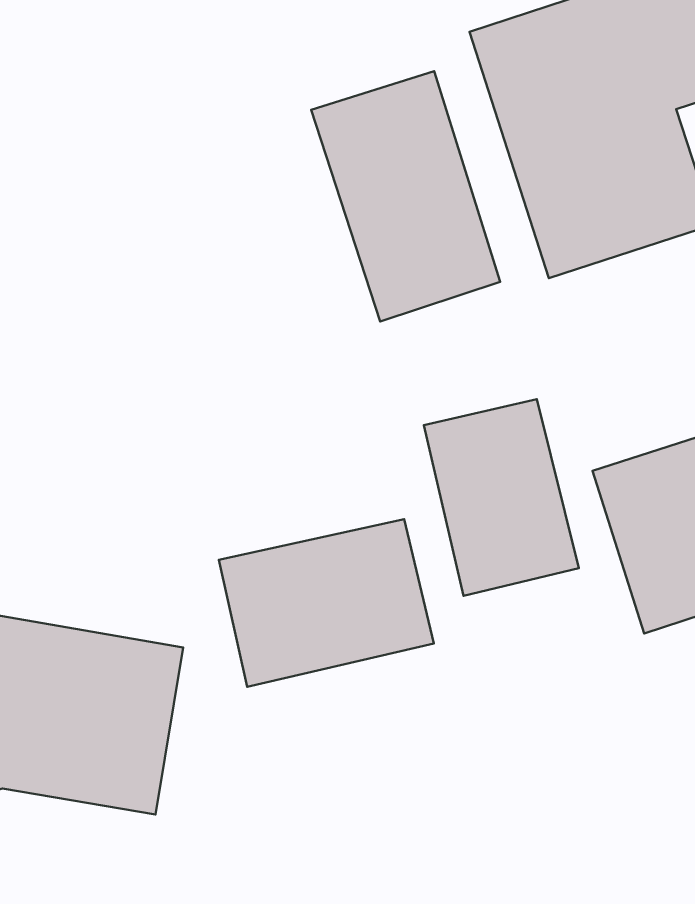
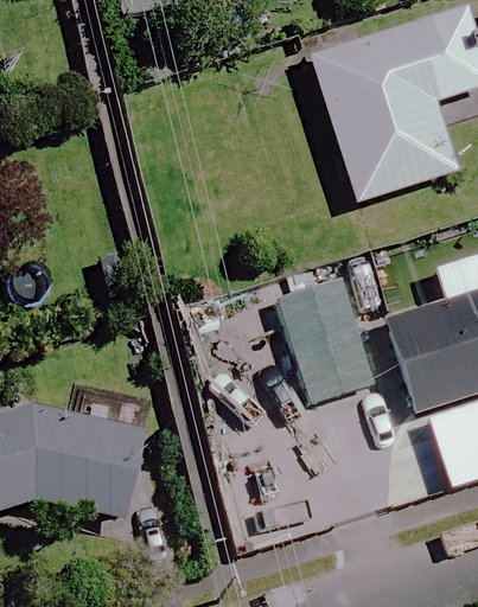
building: [311,71,500,321] -> none
building: [219,519,434,687] -> none

